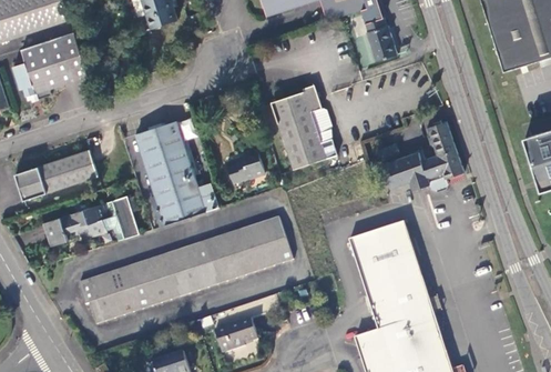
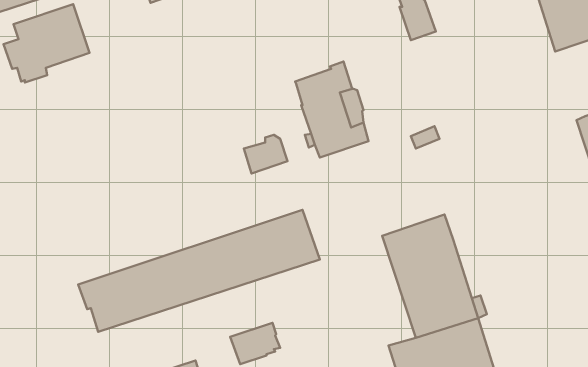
building: [381,119,465,191] -> none
building: [135,121,217,224] -> none
building: [14,150,96,199] -> none
building: [42,197,139,247] -> none

